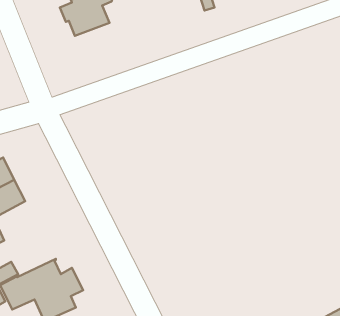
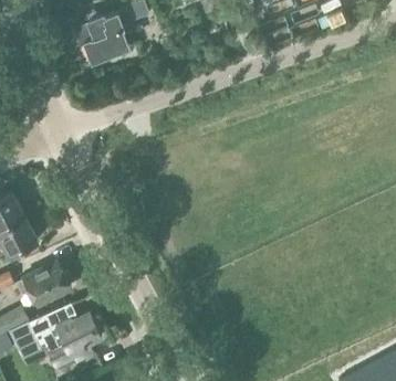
building: none -> [15,261,70,305]

